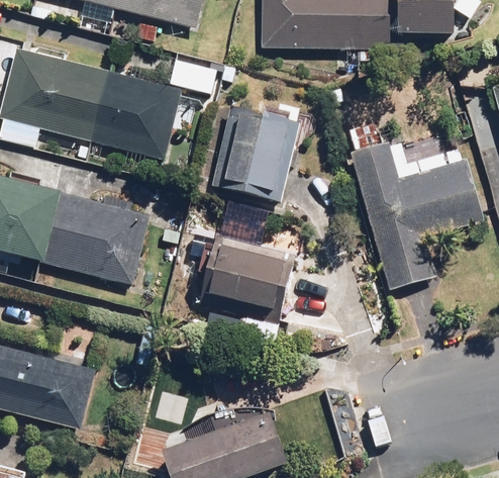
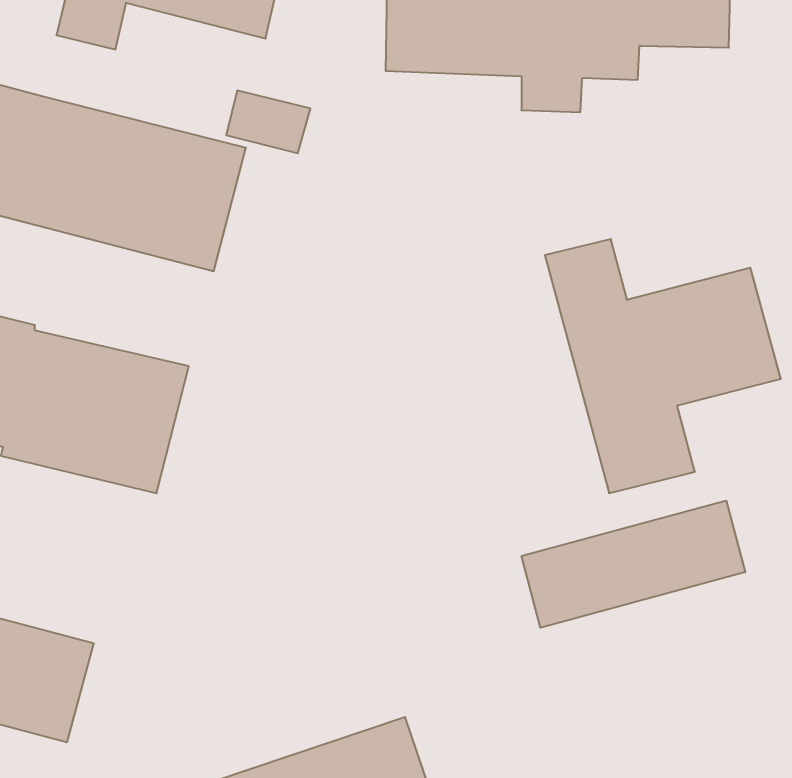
building: [208,99,297,199] -> none
building: [197,234,296,323] -> none
building: none -> [522,501,745,628]

